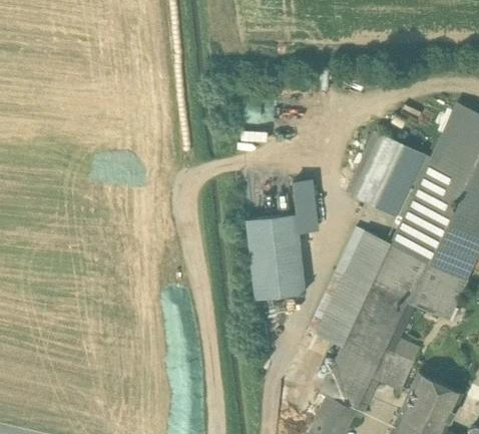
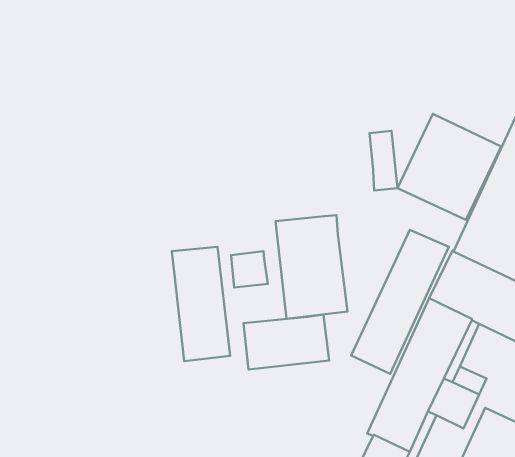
building: [294,182,317,232] -> [369,131,397,191]
building: none -> [172,247,230,361]
building: none -> [231,251,268,287]
building: none -> [244,314,329,369]

